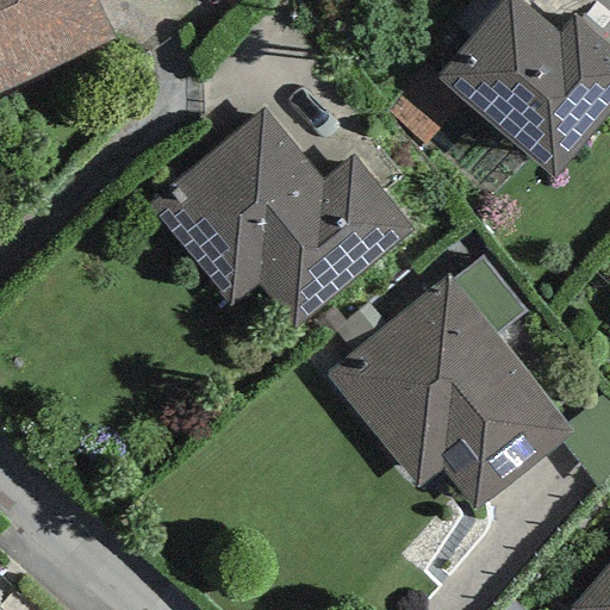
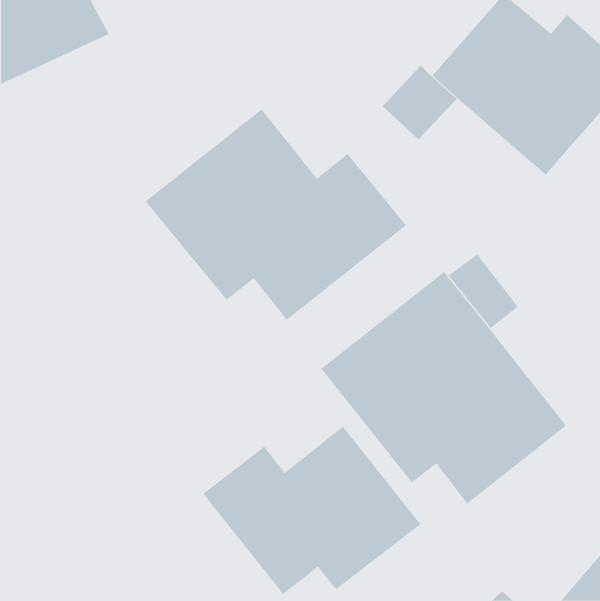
building: none -> [202,426,421,595]

